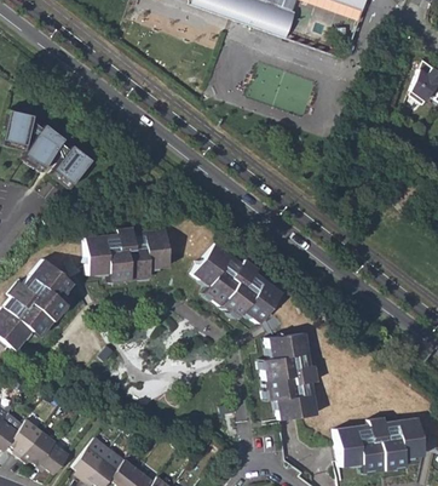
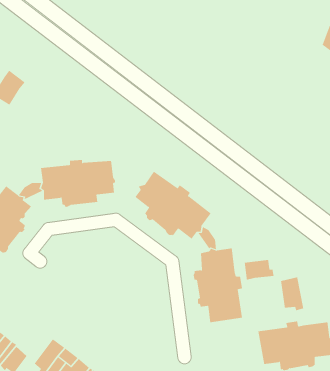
building: [54,144,93,183] -> none
building: none -> [244,259,274,281]
building: none -> [281,276,304,311]

